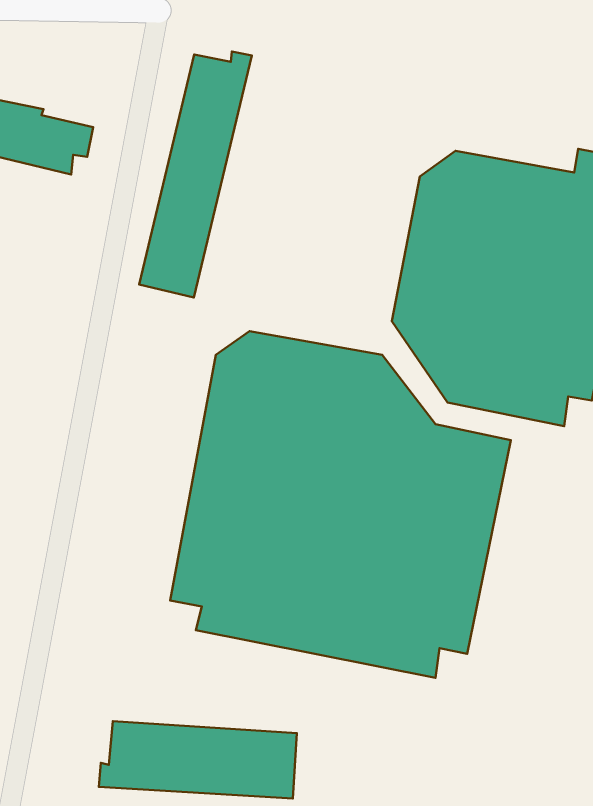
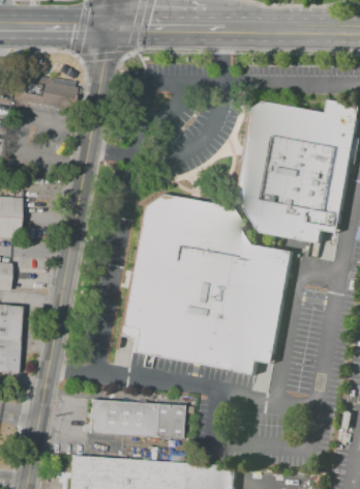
building: [139,52,252,298] -> none

